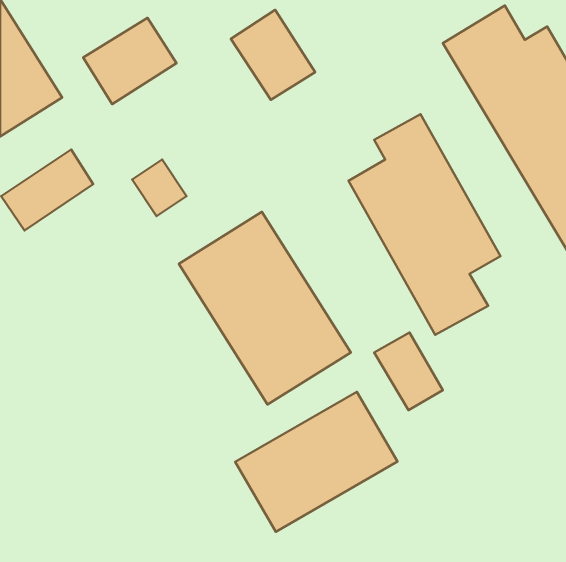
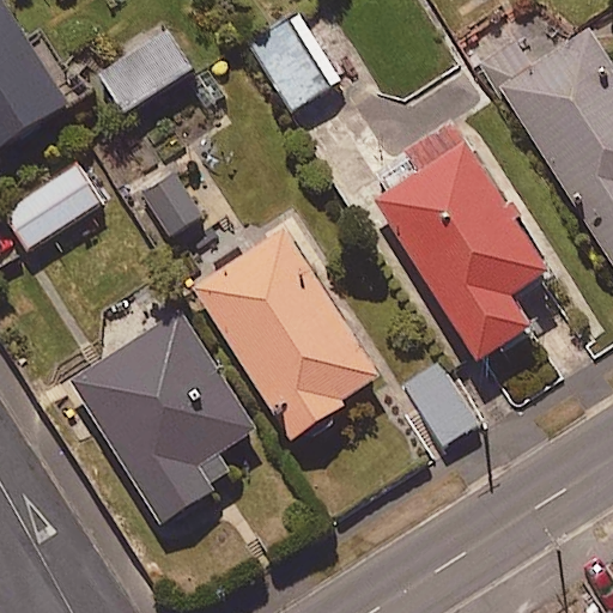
building: none -> [69,310,255,524]
building: [235,392,398,532] -> none

